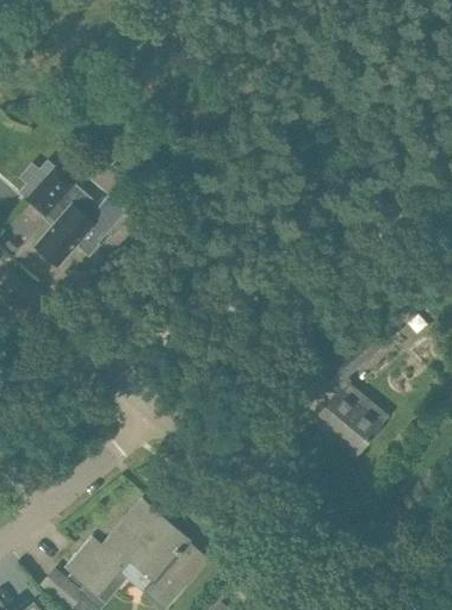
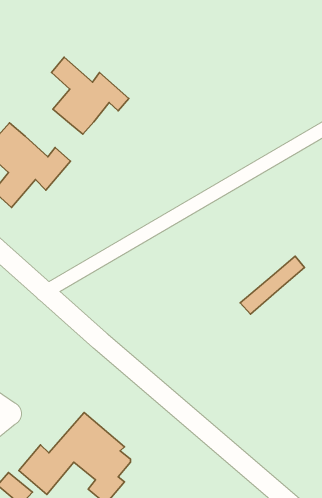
building: none -> [51,57,129,134]
building: [314,385,388,456] -> none

